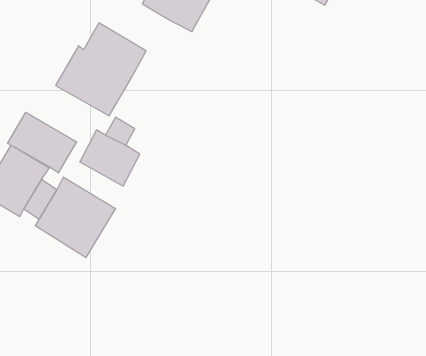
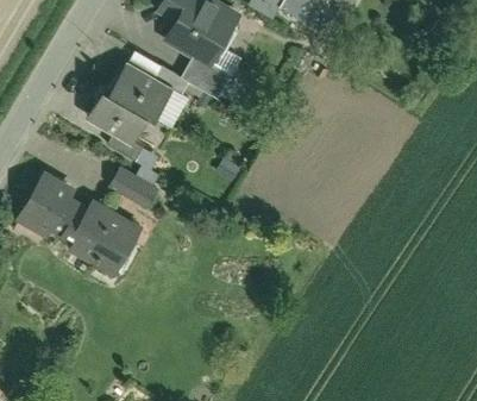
building: none -> [180,56,233,98]
building: [8,112,77,173] -> none

